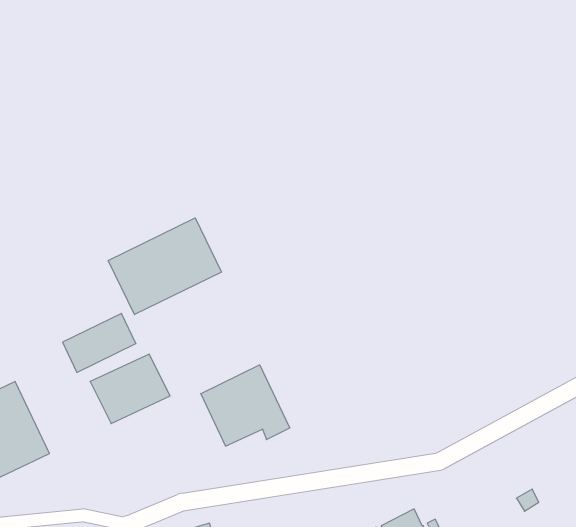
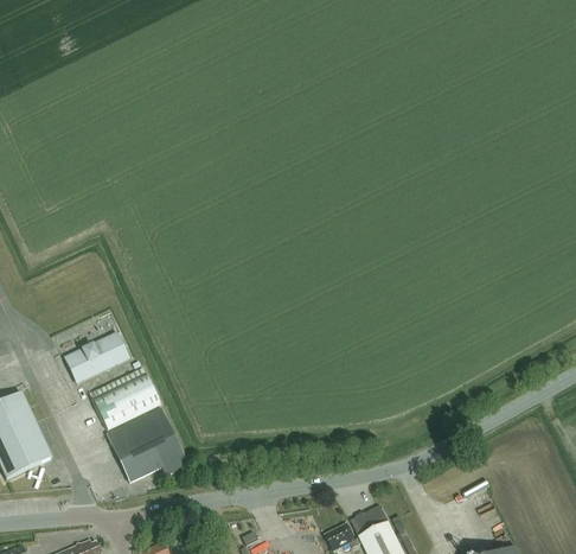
building: [108,218,222,315] -> none
building: [201,365,290,446] -> [108,408,188,482]

